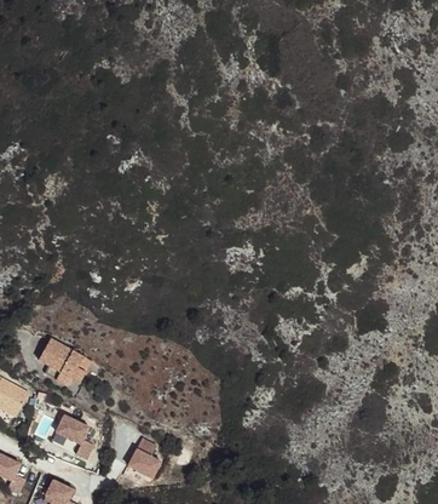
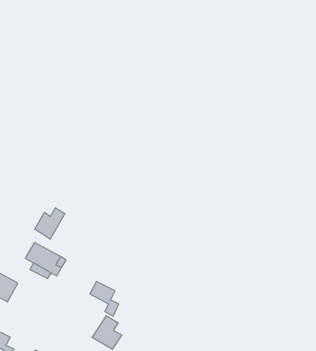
building: none -> [35,208,65,239]
building: [56,416,93,460] -> [90,282,119,316]

